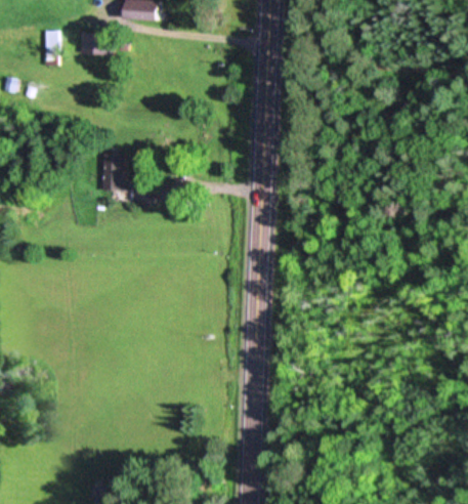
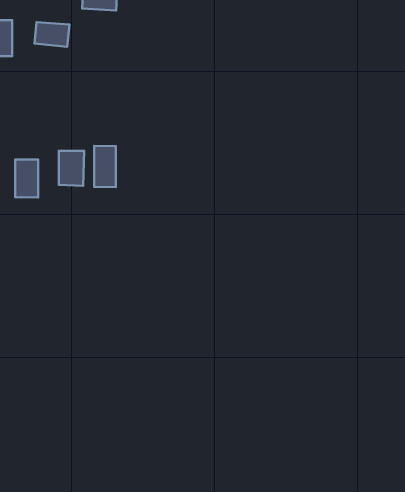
building: none -> [94,146,116,187]
building: none -> [15,159,38,197]

